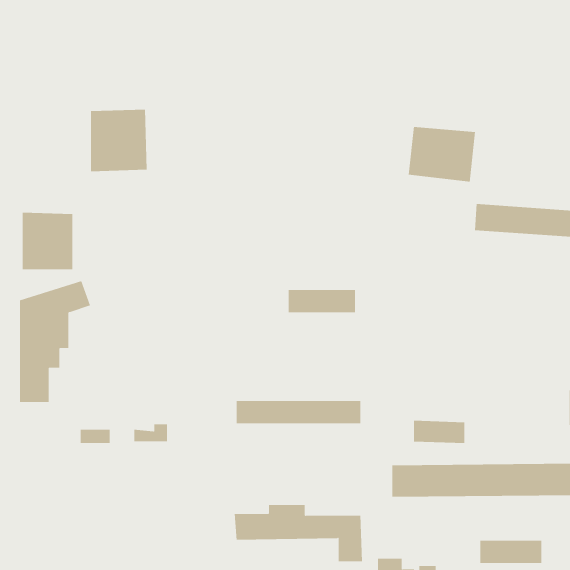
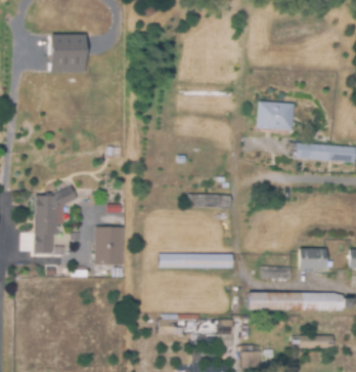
building: [90,109,147,172] -> [49,35,82,71]
building: [22,212,73,270] -> none
building: none -> [94,228,123,265]
building: none -> [300,249,326,268]

